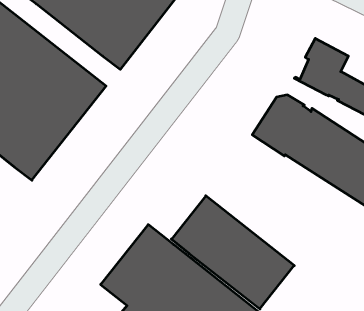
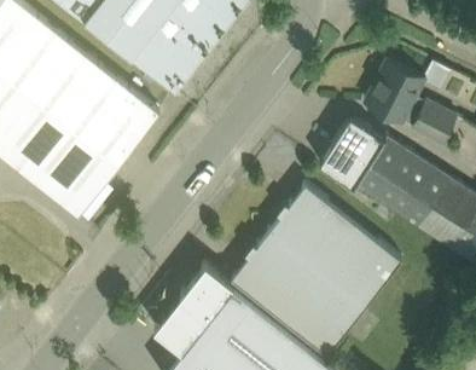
building: none -> [267,187,401,311]

